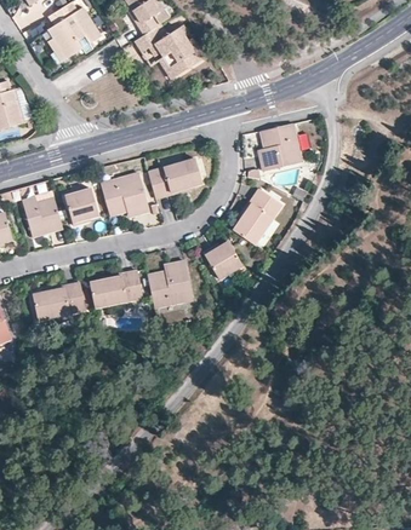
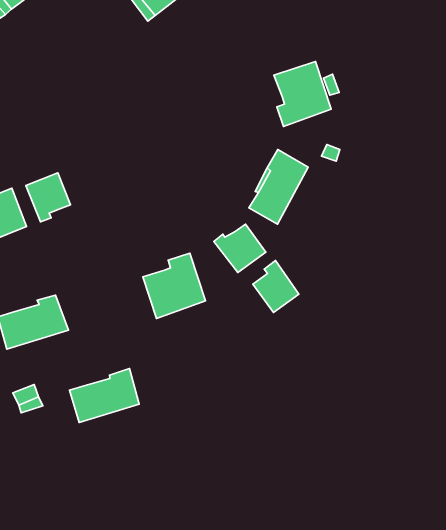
building: [148,159,202,198] -> none
building: [101,173,149,215] -> none
building: [90,270,142,307] -> [70,369,139,423]
building: none -> [253,261,299,313]

